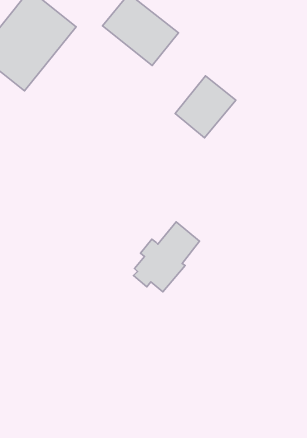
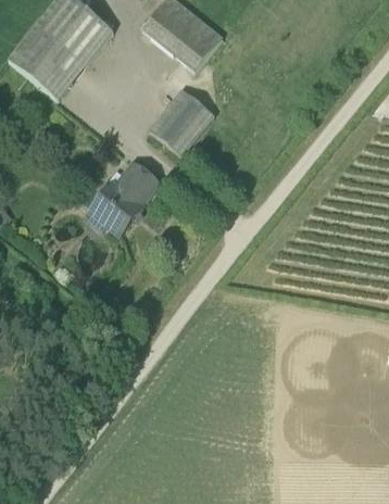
building: [175,76,236,138] -> [150,88,215,154]
building: [134,222,199,292] -> [89,161,160,236]

